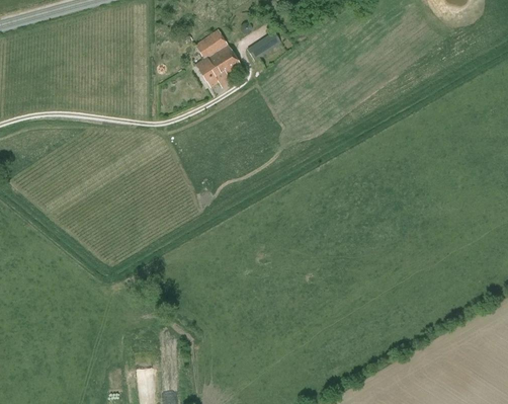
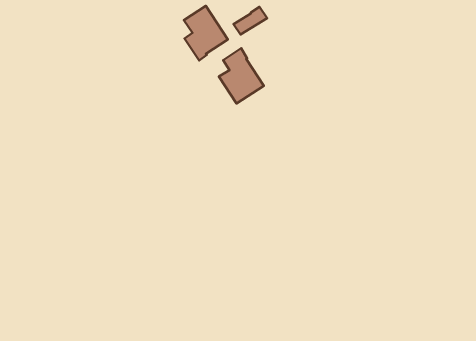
building: none -> [219,48,264,104]

